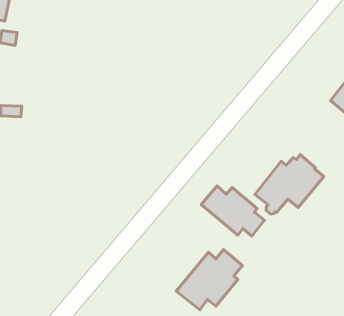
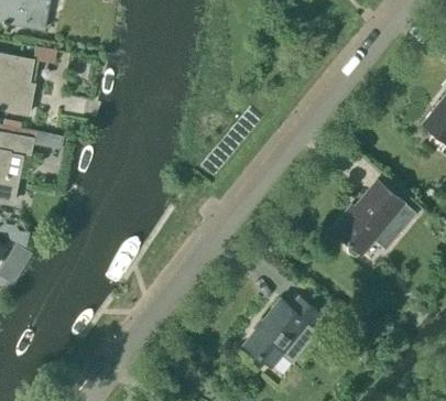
building: [201,186,264,236] -> none

